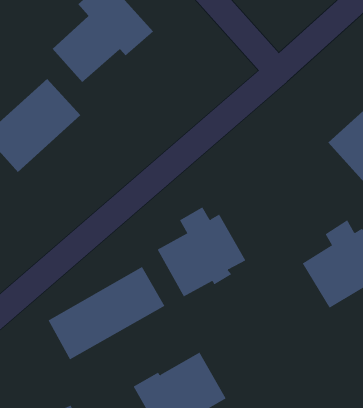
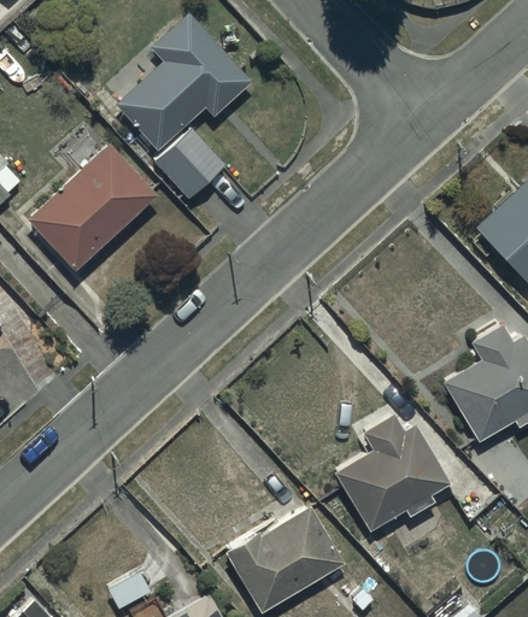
building: none -> [153,128,224,198]
building: [157,206,246,297] -> [339,418,456,537]
building: [48,266,165,360] -> none

